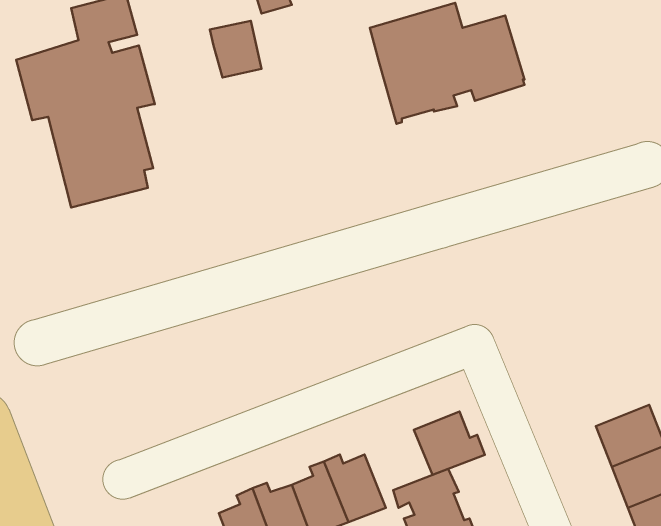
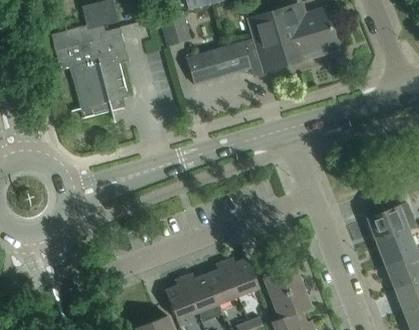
building: none -> [186,36,268,84]
building: none -> [368,205,407,241]
building: [414,412,485,475] -> none

